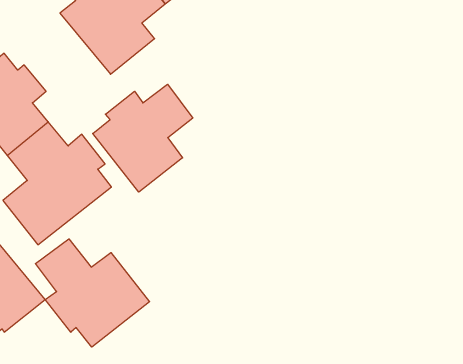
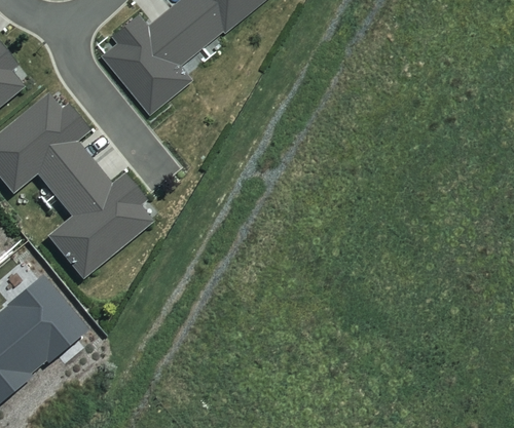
building: [93,84,193,192] -> none
building: [35,239,150,347] -> none

